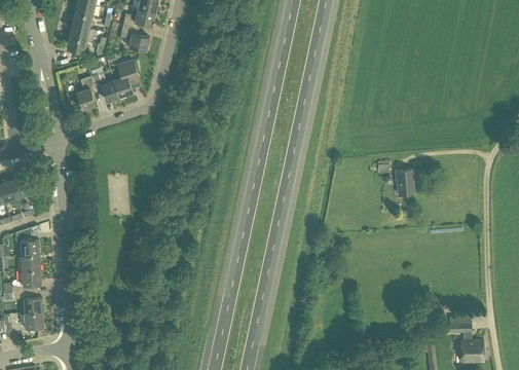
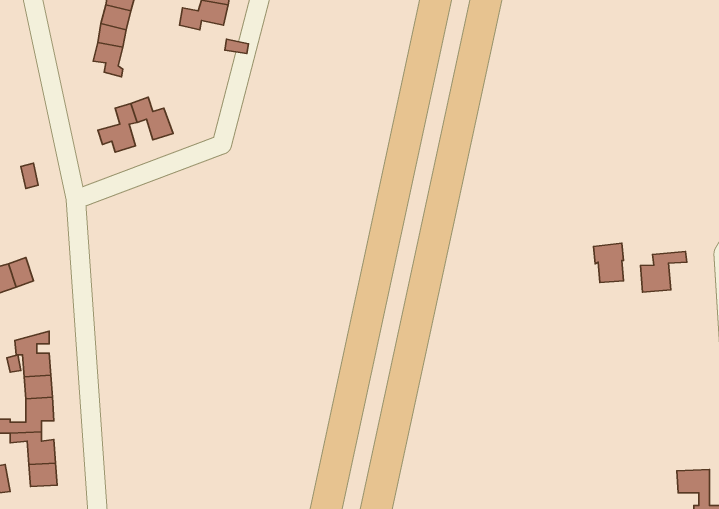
building: [120,26,149,50] -> none
building: [113,63,138,97] -> none
building: none -> [640,252,687,292]

